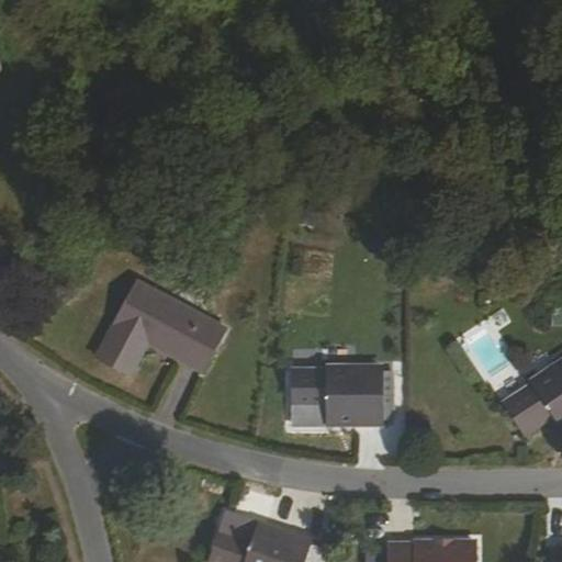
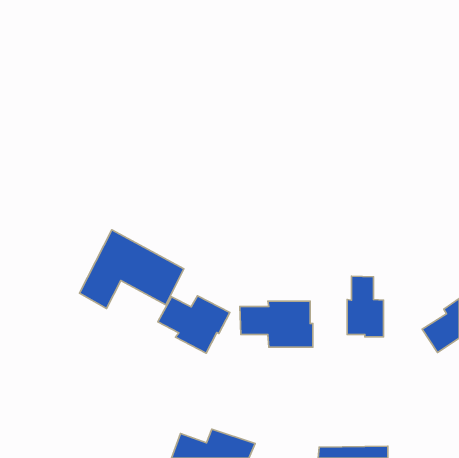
building: none -> [347,276,383,337]
building: none -> [158,296,230,353]

